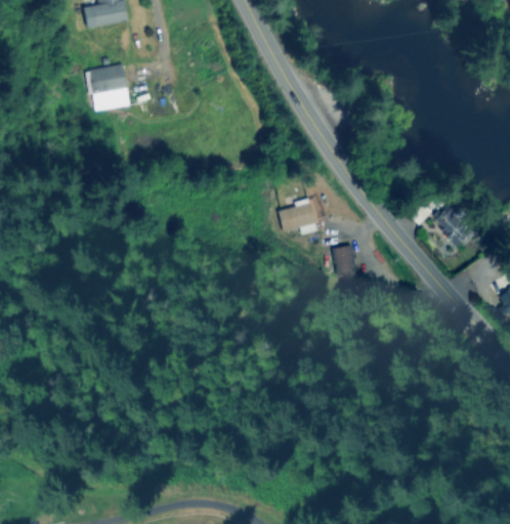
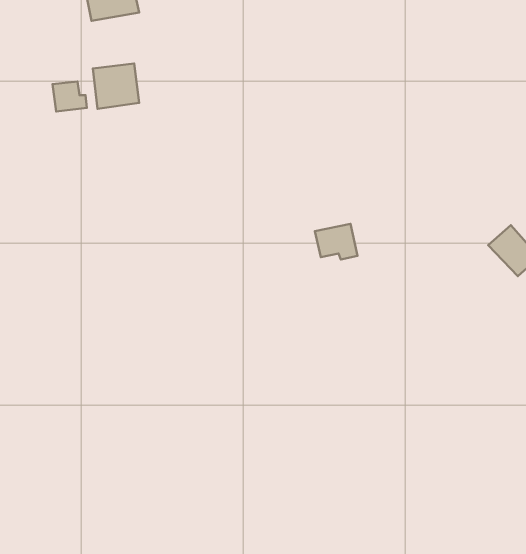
building: none -> [52,82,87,111]
building: [332,245,359,283] -> none

